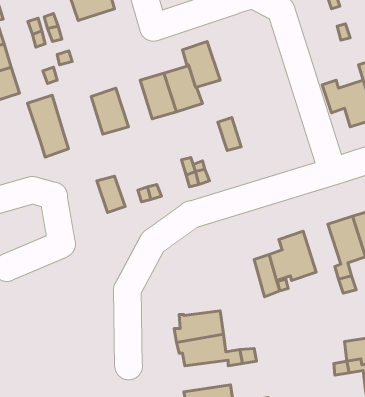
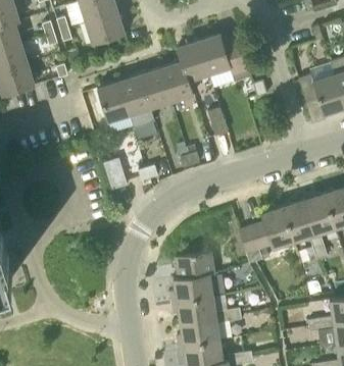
building: none -> [86,13,125,45]
building: none -> [198,35,251,83]
building: [28,95,69,157] -> [118,75,154,129]
building: none -> [282,201,314,243]
building: none -> [174,252,213,280]
building: none -> [177,319,218,347]

